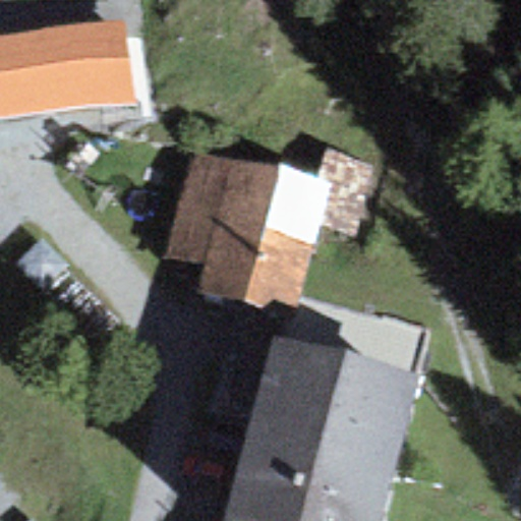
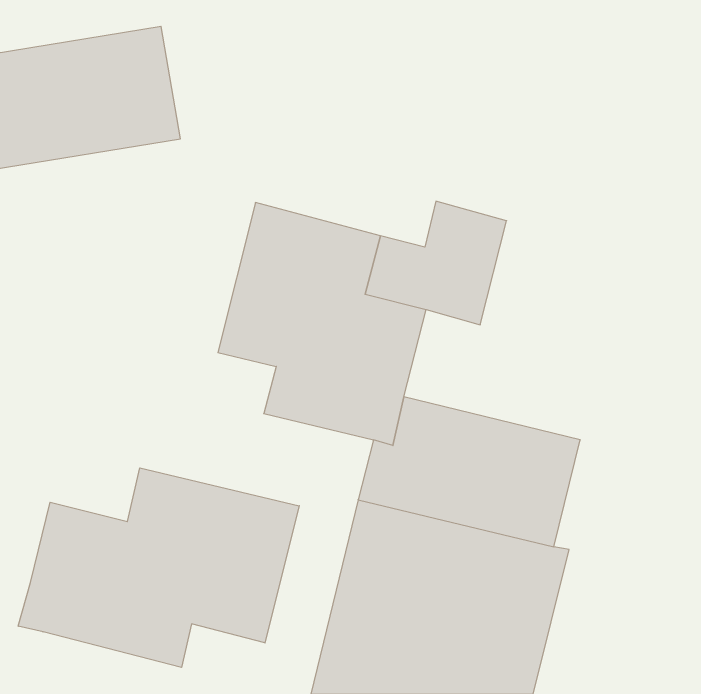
building: none -> [18,468,299,667]

